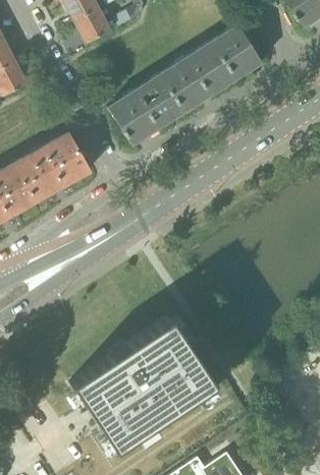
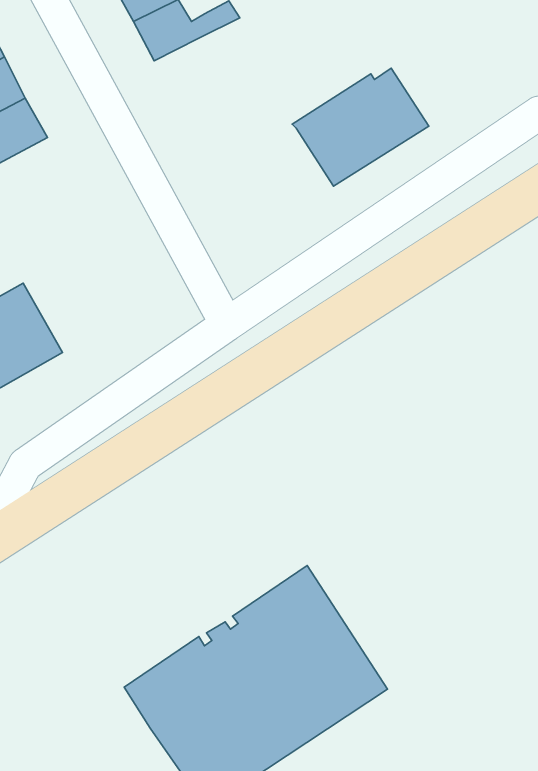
building: [213,24,261,78] -> none
building: [107,79,183,144] -> none
building: [14,132,91,201] -> none

